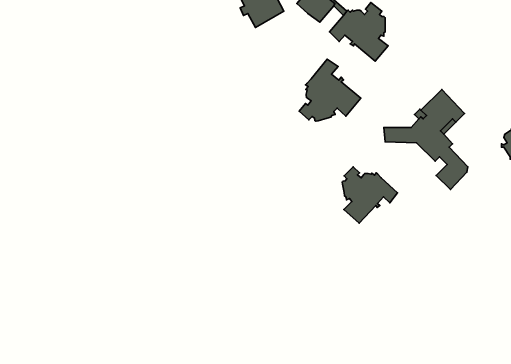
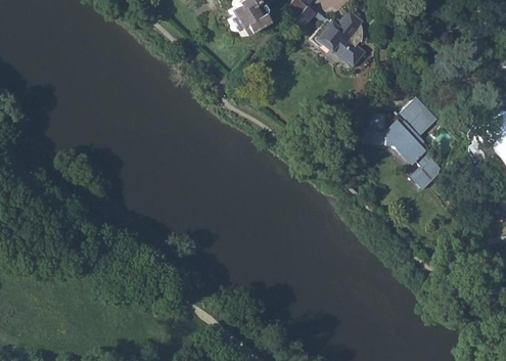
building: [299,59,361,121] -> none
building: [342,167,398,223] -> none

